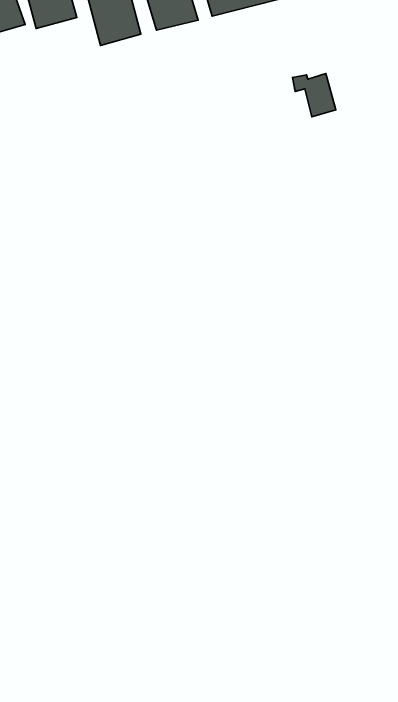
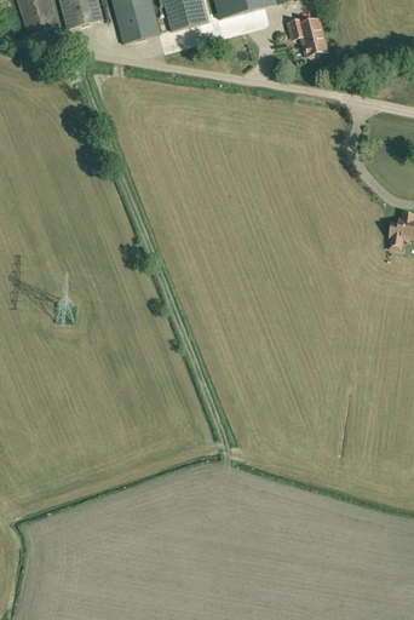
building: [292,73,336,117] -> [288,18,326,56]

